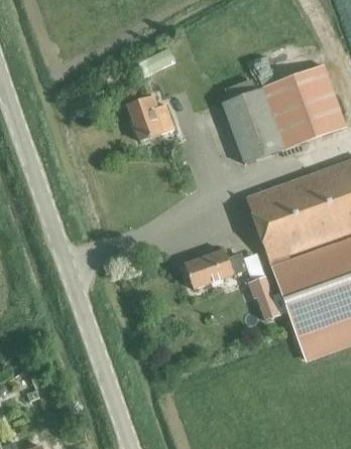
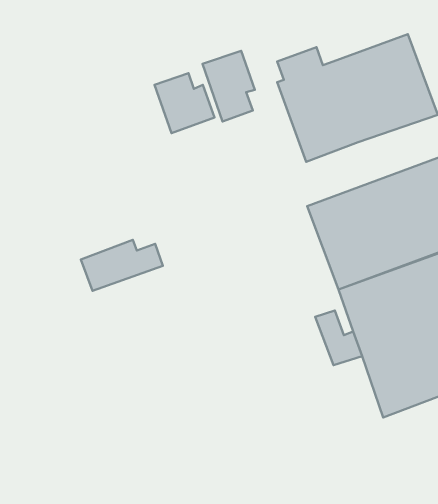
building: none -> [202,51,255,121]
building: [185,249,248,288] -> [81,240,163,291]

